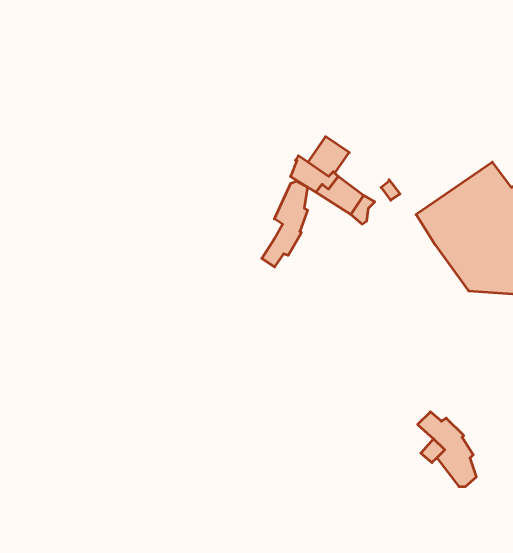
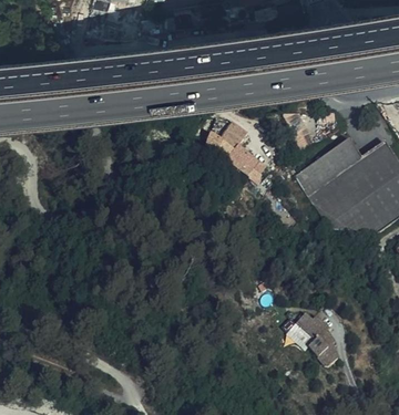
building: [262,181,308,267] -> none

